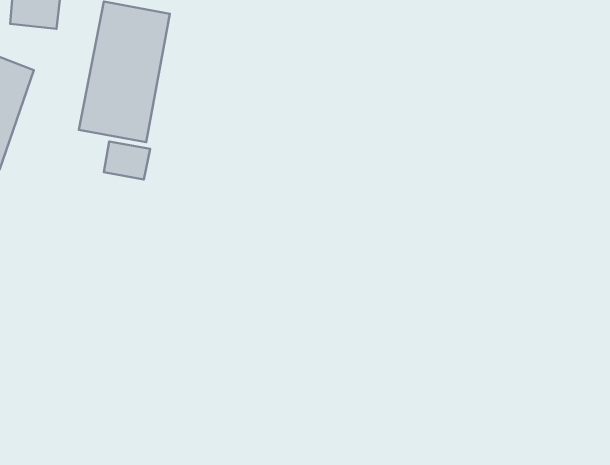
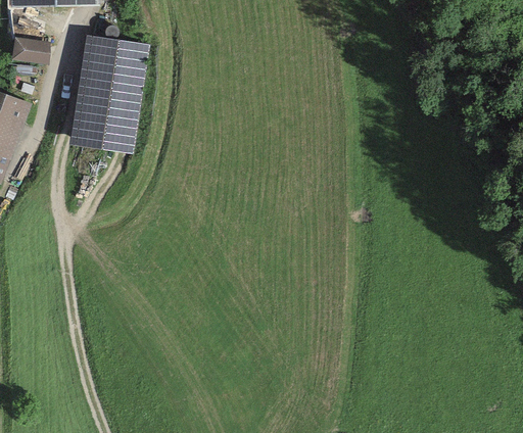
building: [104,141,150,179] -> none

